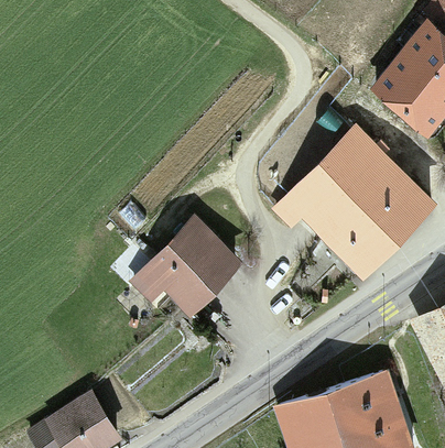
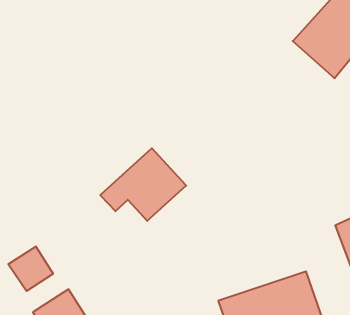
building: [291,132,430,271] -> none
building: none -> [8,246,53,291]

